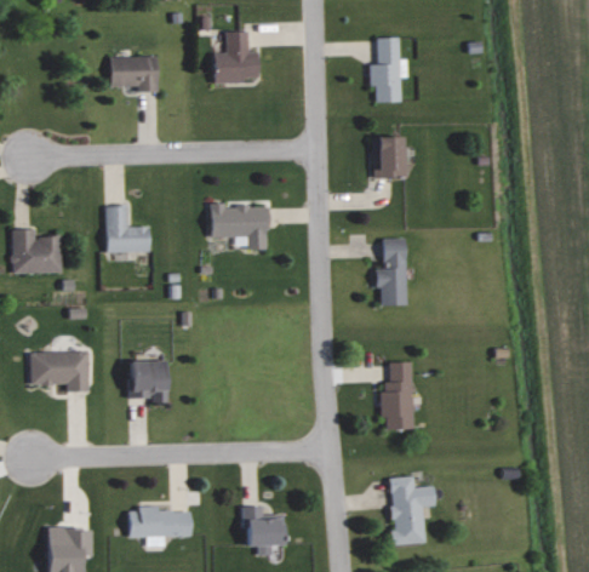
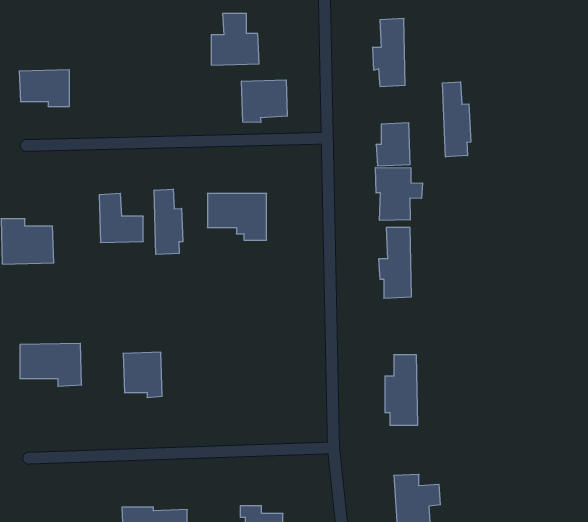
building: [110,56,159,91] -> [19,70,69,106]
building: none -> [242,80,287,122]
building: none -> [443,82,471,157]
building: none -> [376,167,423,220]
building: none -> [154,189,183,254]

